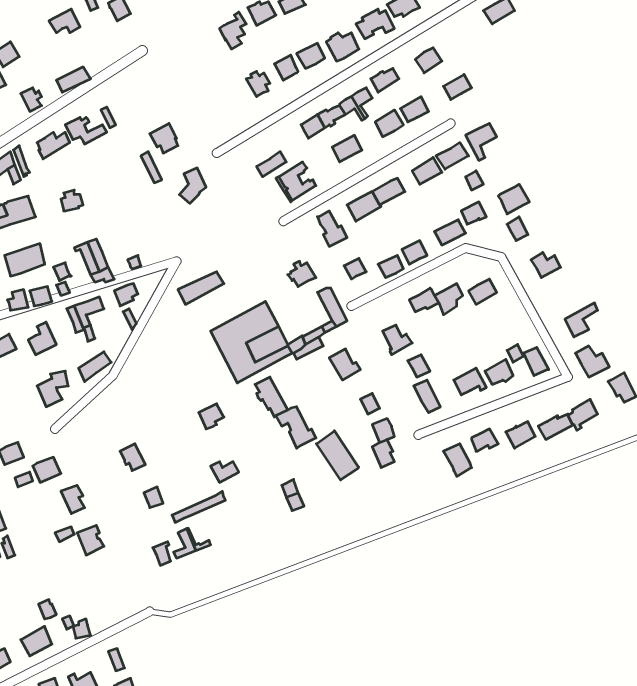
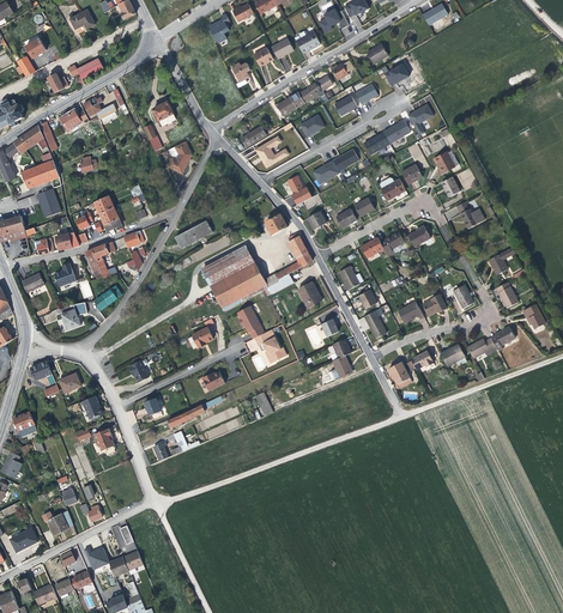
building: [316,431,359,480] -> none

